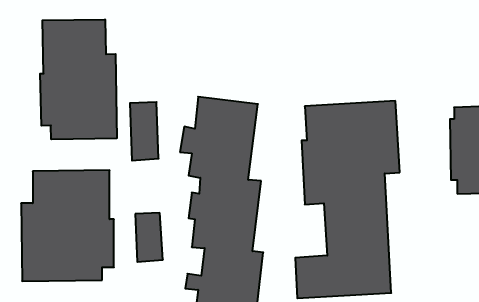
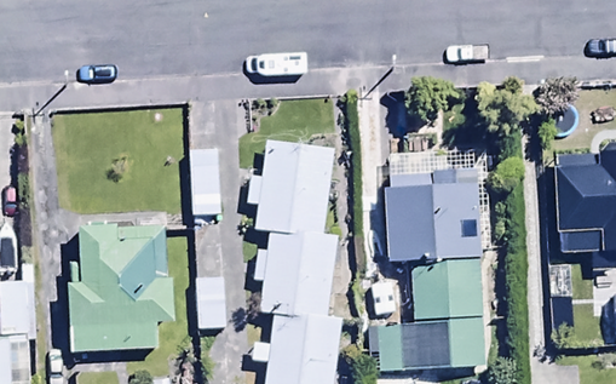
building: [40,19,117,139] -> none

